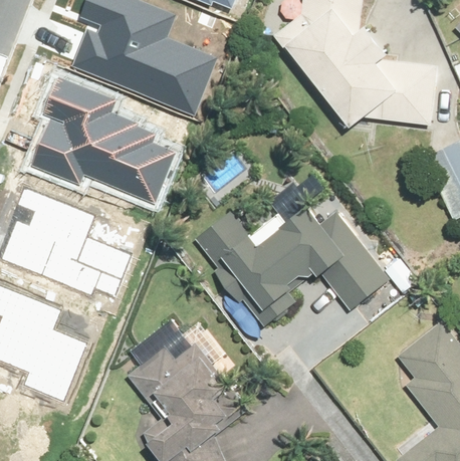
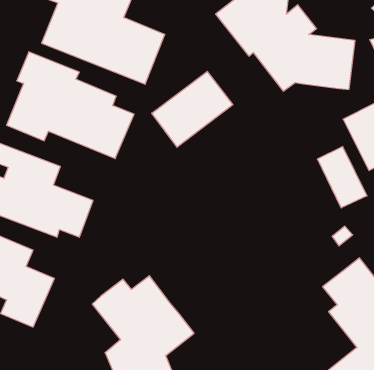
building: none -> [152,71,233,147]
building: none -> [318,146,367,208]
building: [196,206,390,325] -> none

